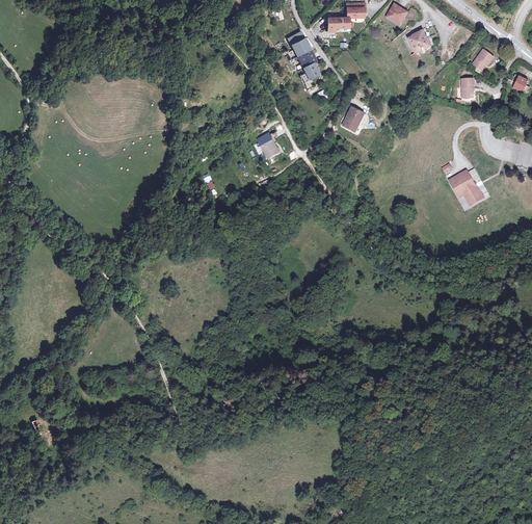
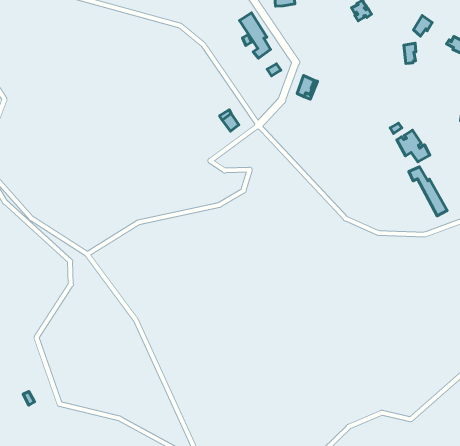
building: none -> [409,167,447,216]

